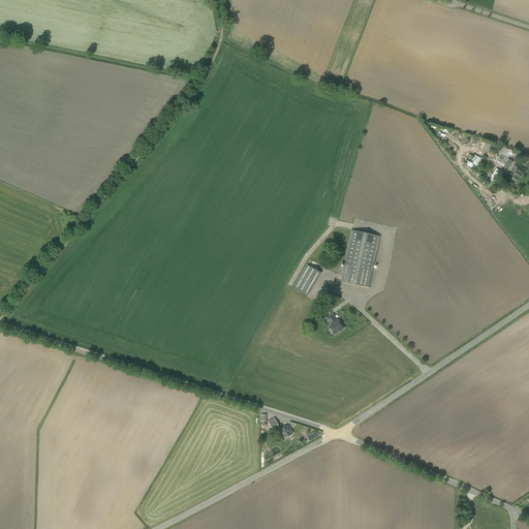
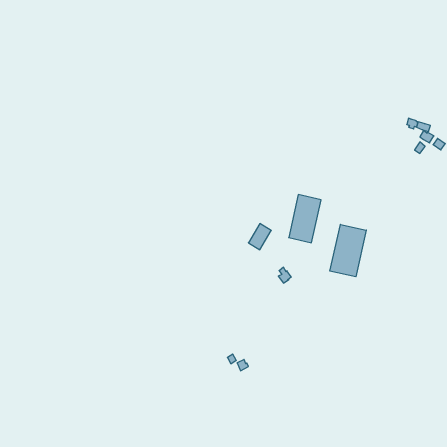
building: none -> [330,224,366,277]

